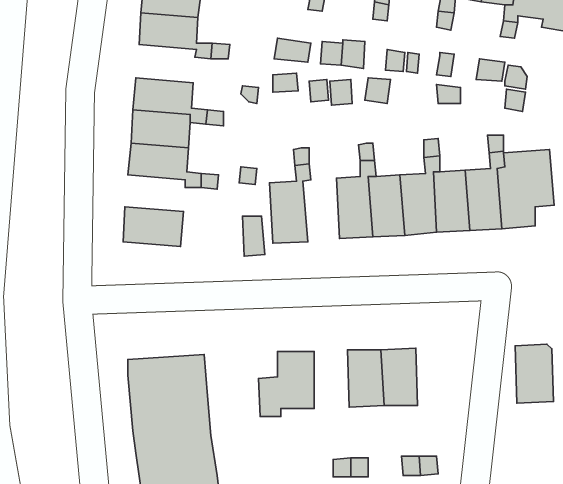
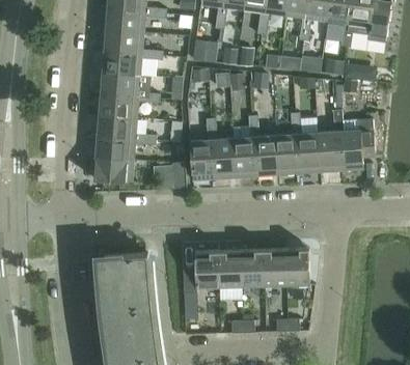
building: none -> [102,51,141,76]
building: none -> [94,136,134,160]
building: none -> [211,138,235,179]
building: [515,344,553,403] -> [284,248,309,286]
building: none -> [218,250,241,288]

